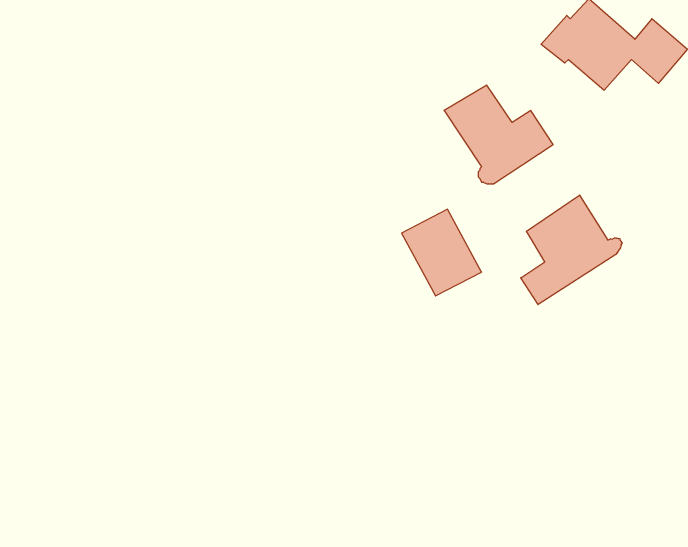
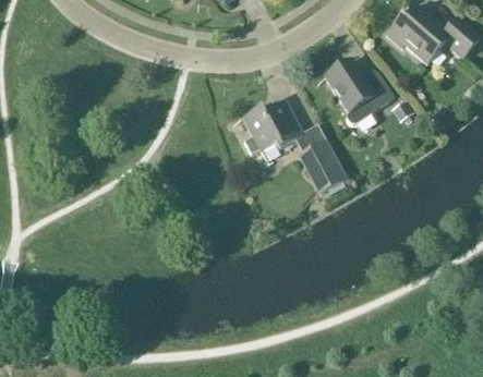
building: none -> [243,99,303,154]
building: [521,195,622,305] -> none

